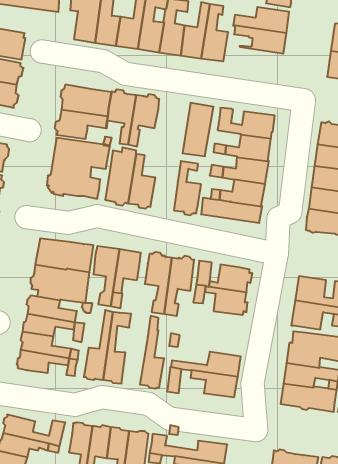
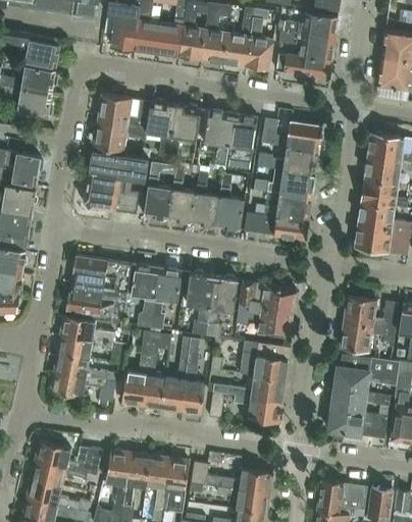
building: none -> [275,53,331,79]
building: none -> [204,110,234,166]
building: none -> [192,170,220,228]
building: none -> [161,336,192,411]
building: none -> [240,341,291,380]

